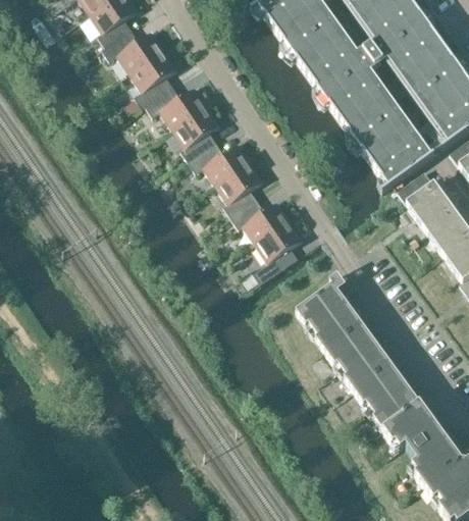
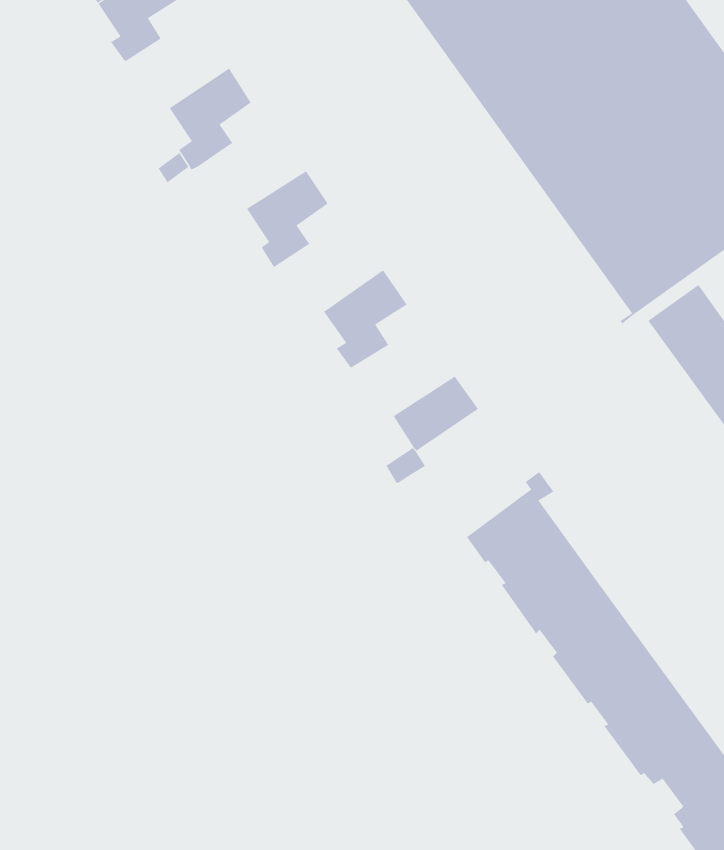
building: [104,29,165,69] -> none
building: [148,85,208,125] -> none
building: [190,141,251,183] -> none
building: [232,199,291,241] -> none

